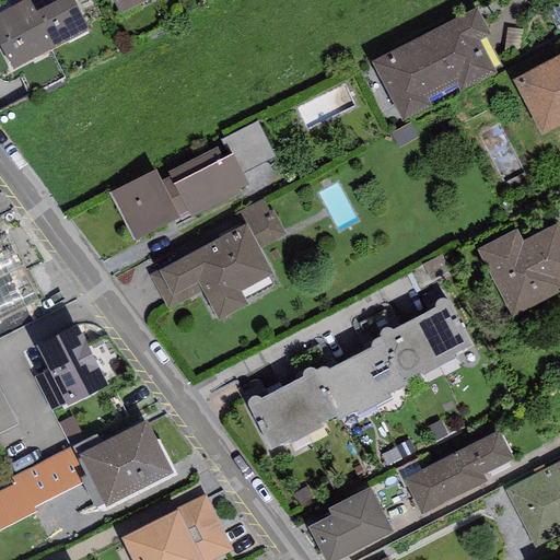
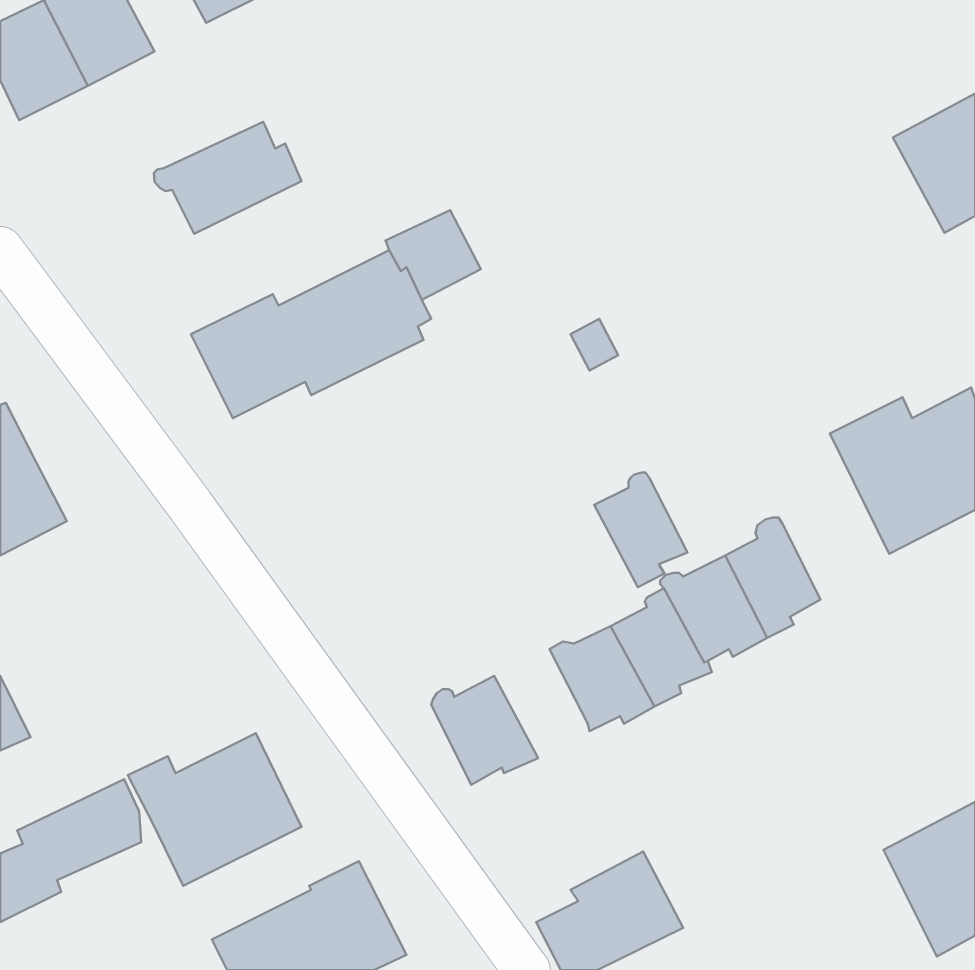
building: [372,9,500,120] -> none
building: none -> [154,122,302,234]
building: [149,223,273,320] -> none
building: [35,325,108,410] -> none
building: [283,369,337,434] -> [594,472,688,587]
building: [405,431,514,513] -> none

